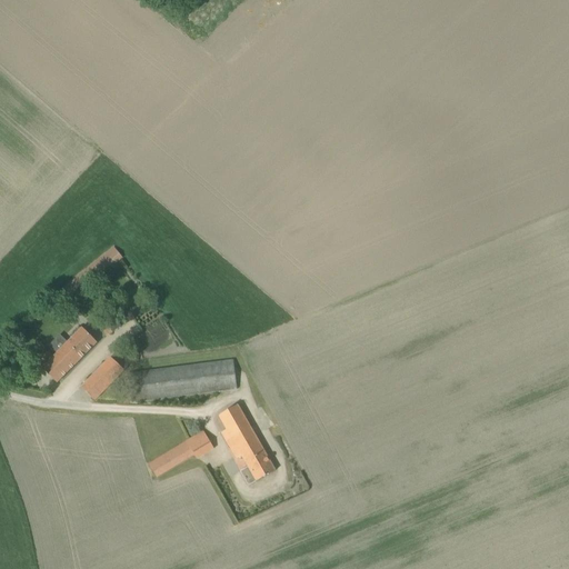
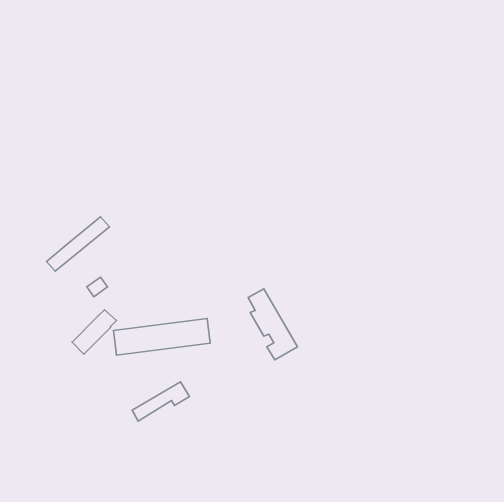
building: [42,326,97,381] -> none
building: [219,403,274,483] -> [248,289,297,360]

